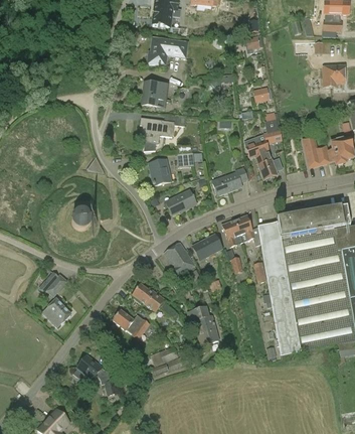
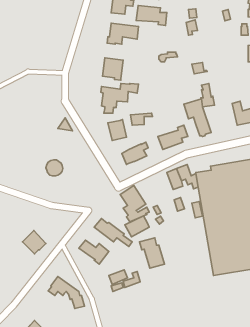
building: none -> [136,6,167,25]
building: [192,234,222,260] -> [125,216,149,237]
building: [39,271,68,297] -> none

